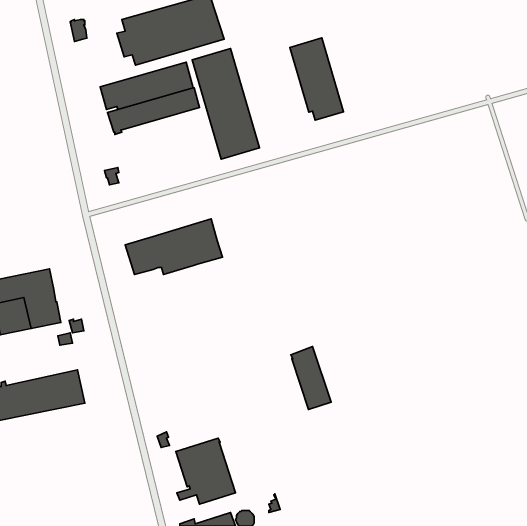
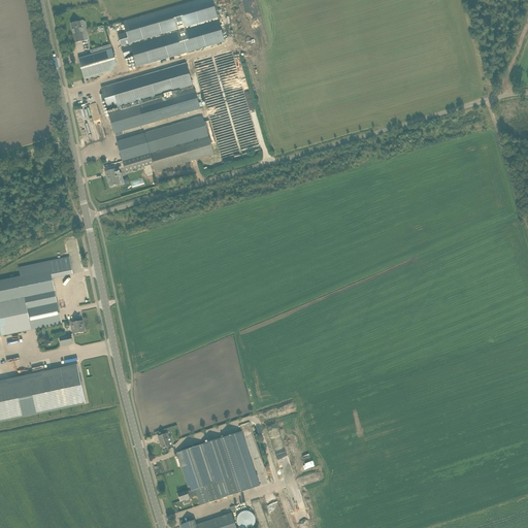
building: [290,38,343,120] -> none
building: none -> [77,42,114,77]
building: [125,219,222,275] -> [116,114,212,170]
building: [291,346,331,410] -> [218,429,258,492]

